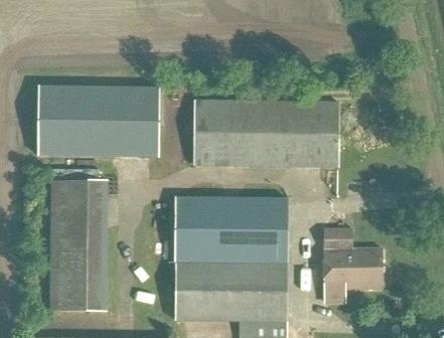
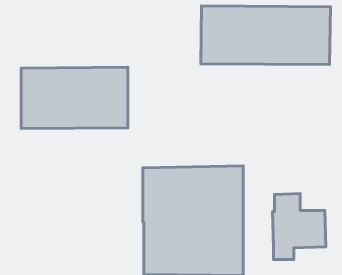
building: [194,100,341,166] -> [201,6,330,65]
building: [50,178,104,309] -> none

